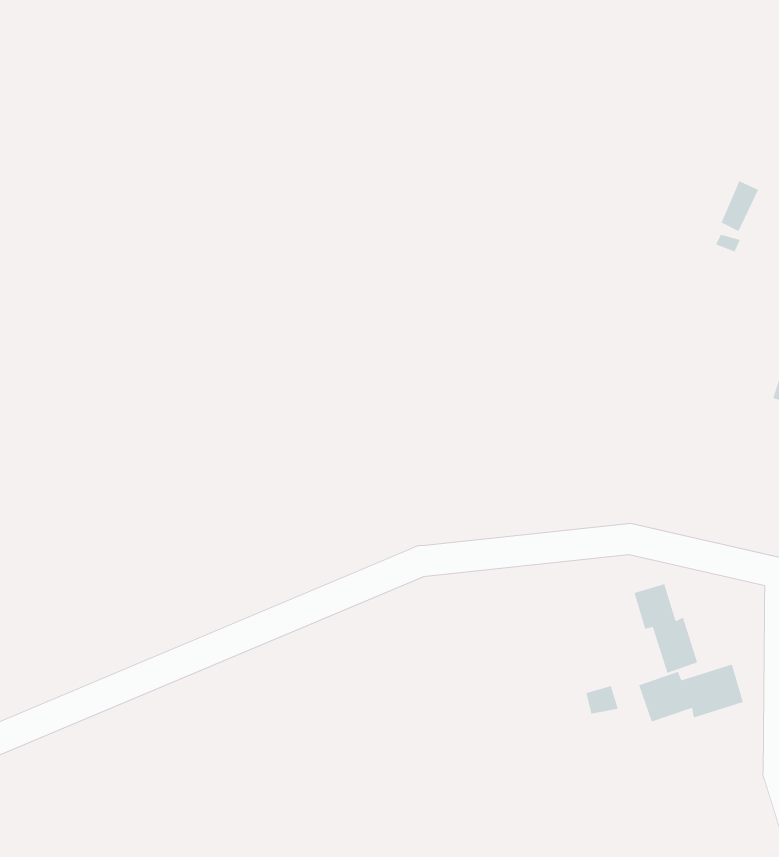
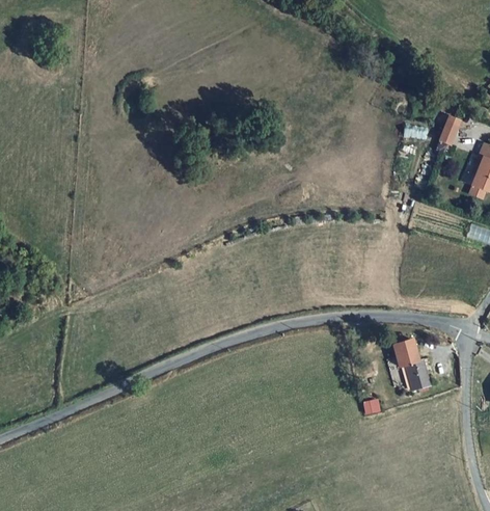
building: [638,663,744,722] -> none

